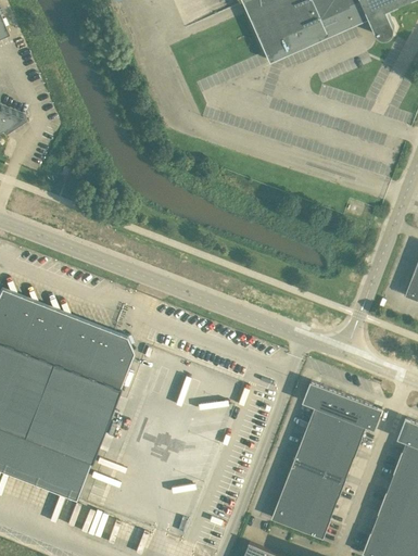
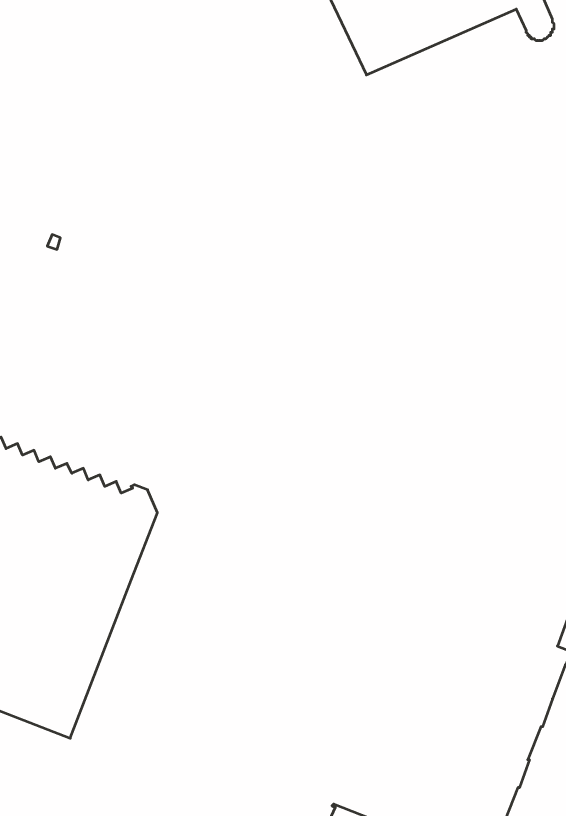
building: [271,380,383,538] -> none

